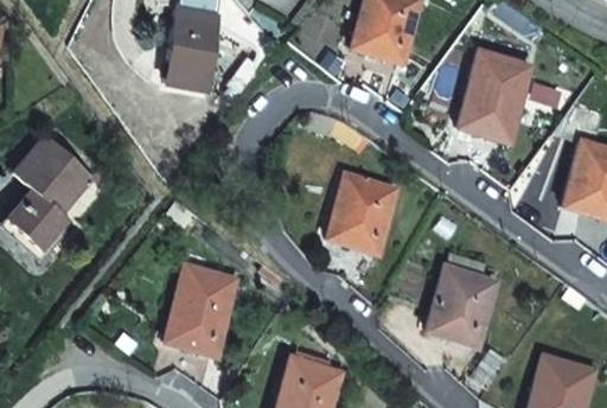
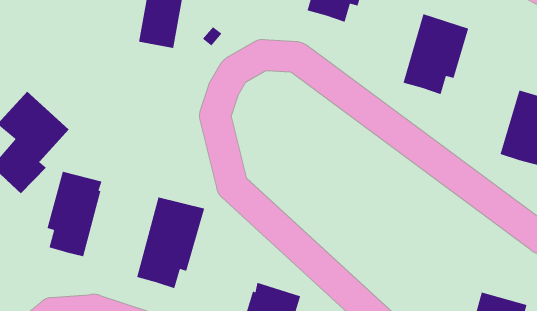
building: [327,173,397,251] -> none
building: none -> [46,171,103,257]
building: [426,267,496,344] -> none

